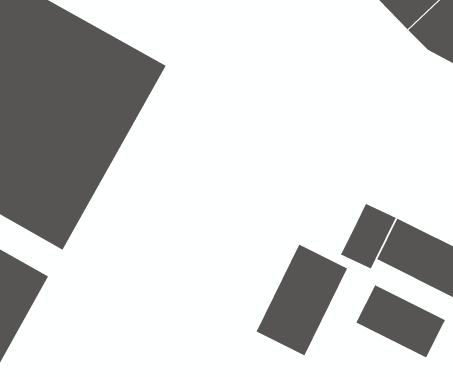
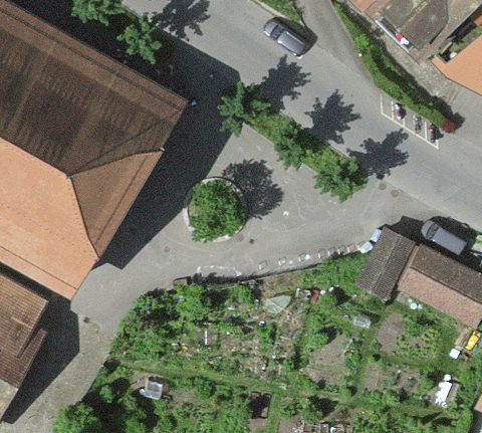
building: [256,243,348,357] -> none
building: [355,284,446,359] -> none

